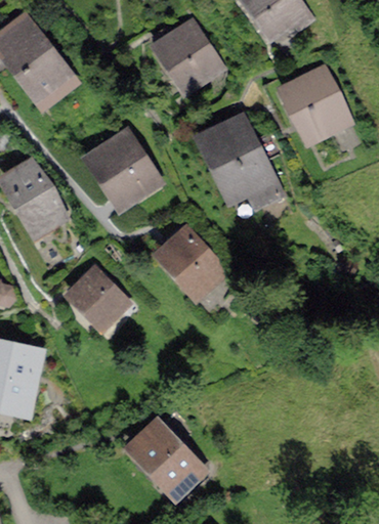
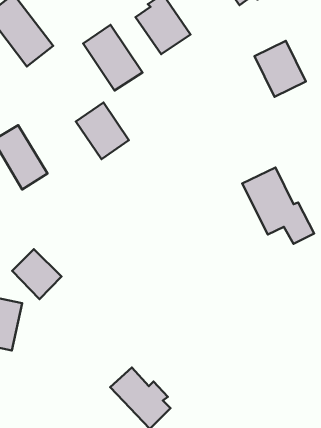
building: none -> [83,25,143,91]
building: [205,121,283,204] -> [242,167,314,244]
building: [164,227,221,291] -> none
building: [72,271,125,325] -> [12,249,61,299]

